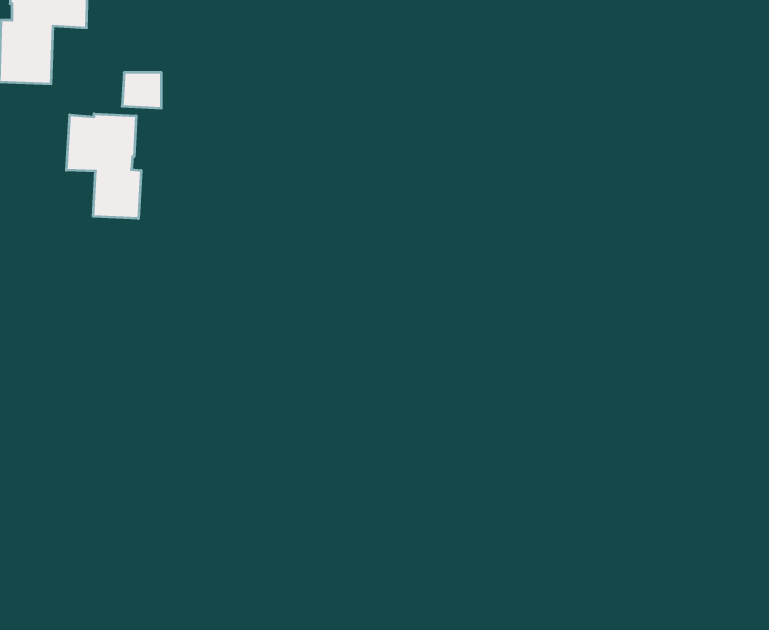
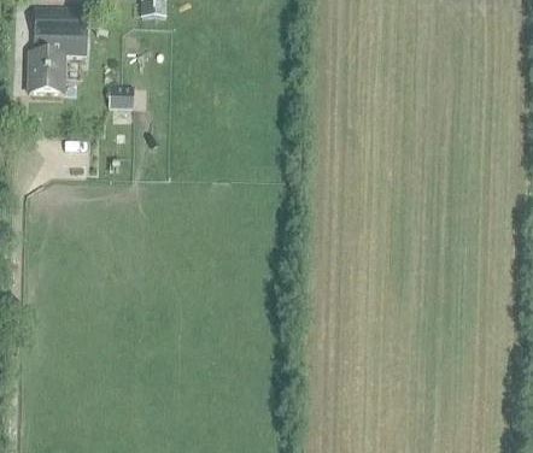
building: [66,114,141,219] -> none

